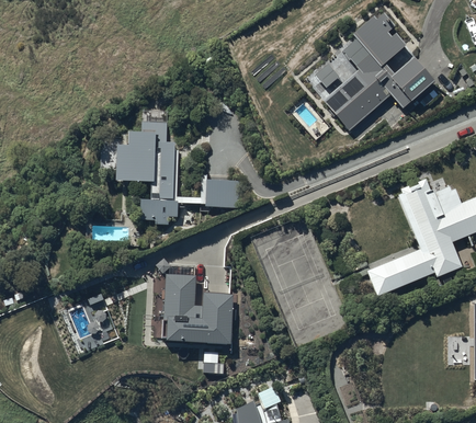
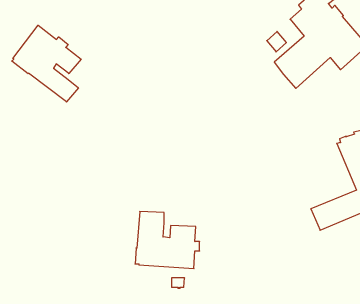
building: none -> [12,25,81,102]
building: [115,124,241,225] -> none

